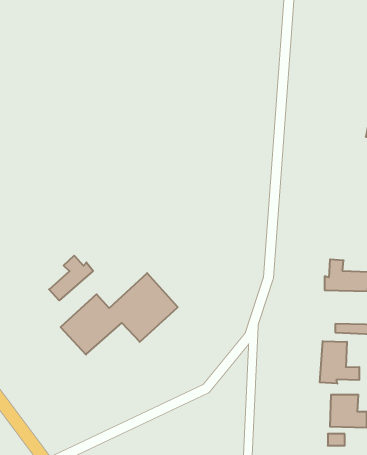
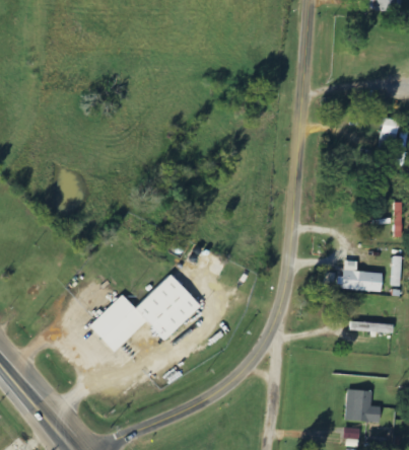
building: [49,256,93,300] -> none
building: [320,341,359,384] -> none

